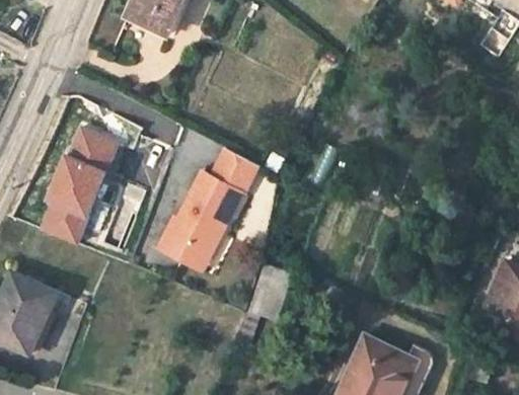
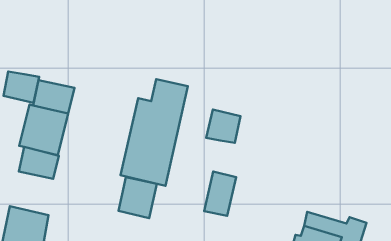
building: none -> [3,72,39,103]
building: none -> [206,110,240,143]
building: none -> [119,177,157,218]

